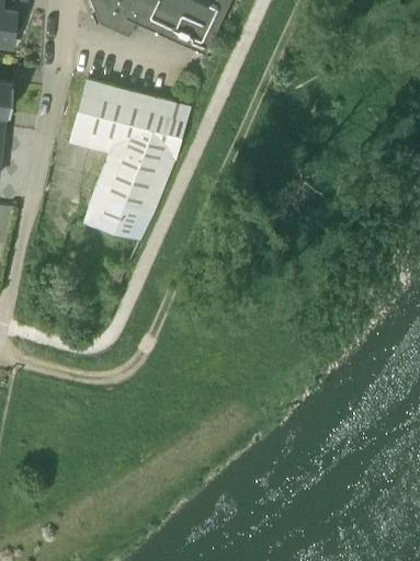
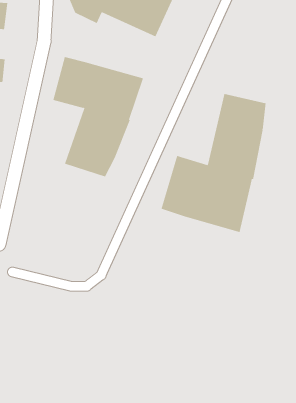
building: none -> [161,93,266,233]

